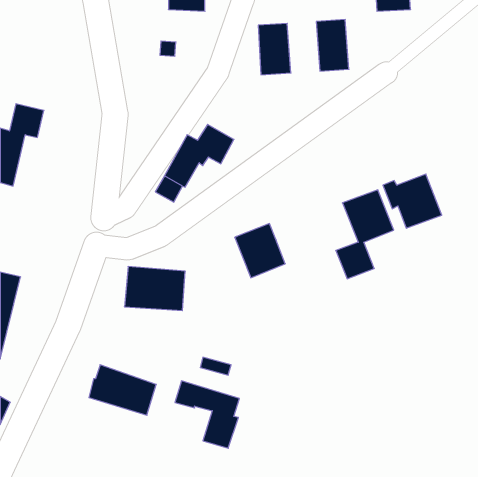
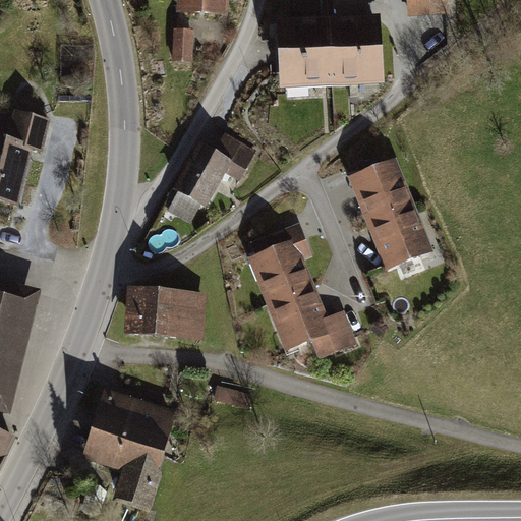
building: none -> [312,23,348,79]
building: [383,174,442,228] -> [347,162,411,221]
building: none -> [251,224,312,260]
building: none -> [273,287,354,349]
building: [175,381,239,448] -> [90,432,160,506]

